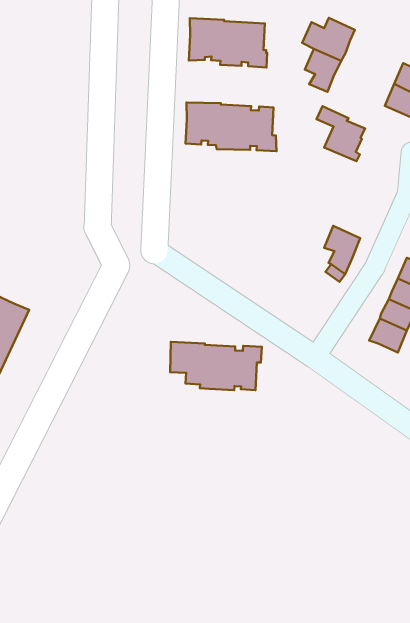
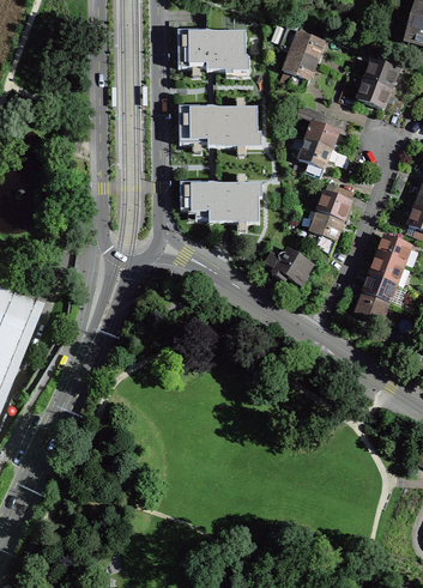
building: none -> [297,139,345,177]
building: none -> [316,181,352,219]
building: none -> [261,247,312,283]
building: [170,342,262,390] -> [179,181,261,222]

